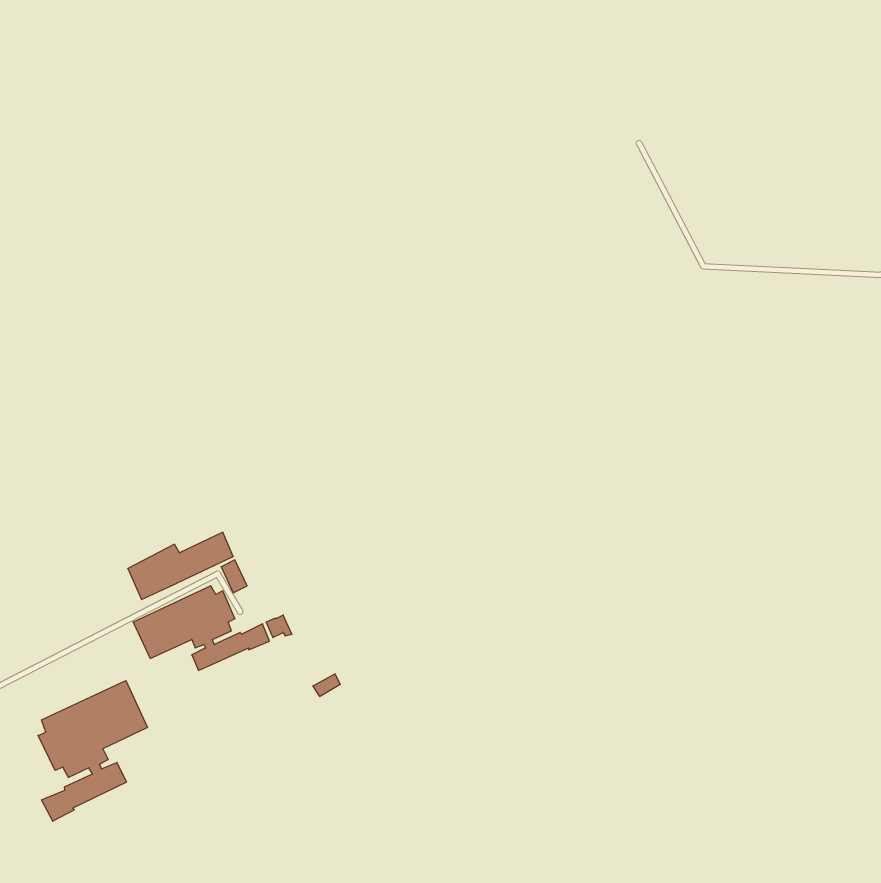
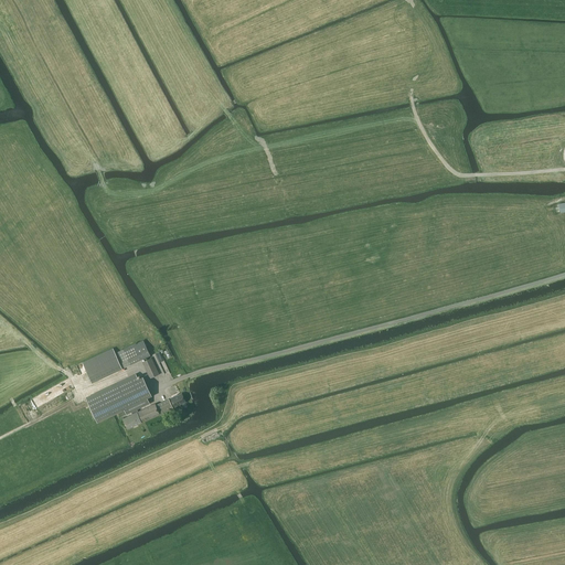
building: [38,681,147,821] -> none

